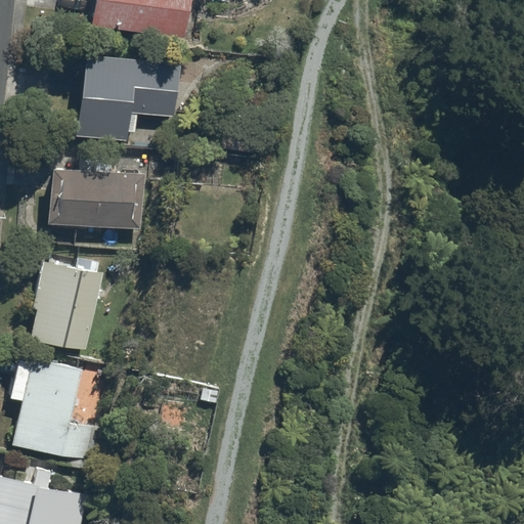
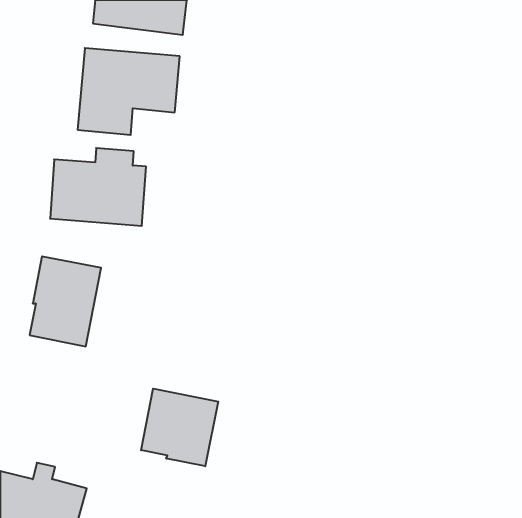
building: [7,354,108,460] -> none
building: none -> [141,389,218,466]

